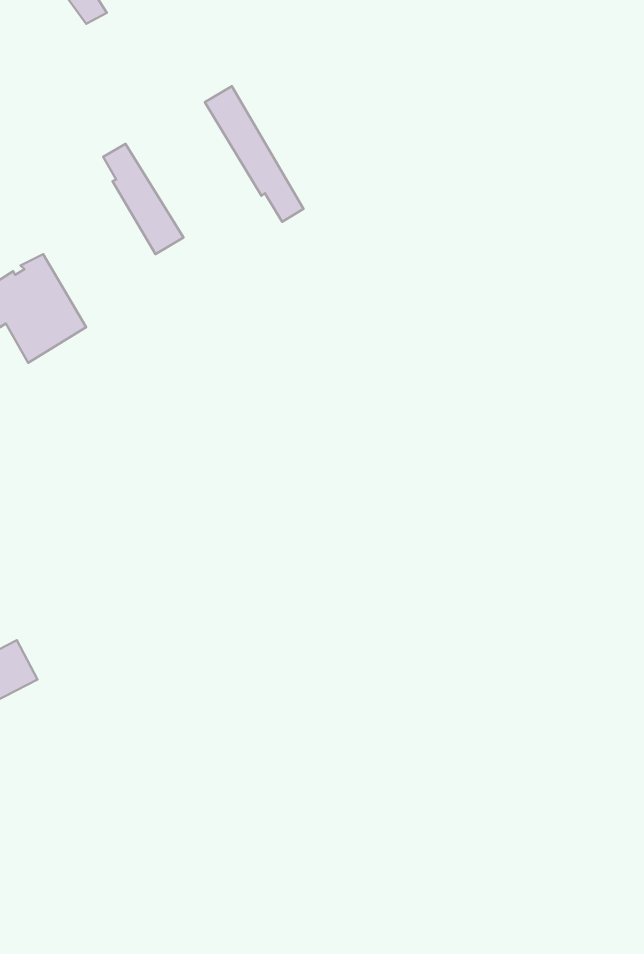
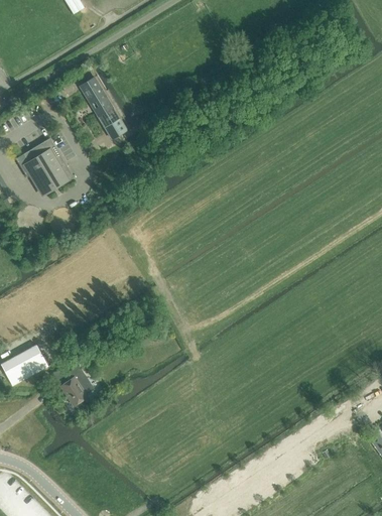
building: [205,86,304,222] -> none
building: none -> [52,364,94,405]

